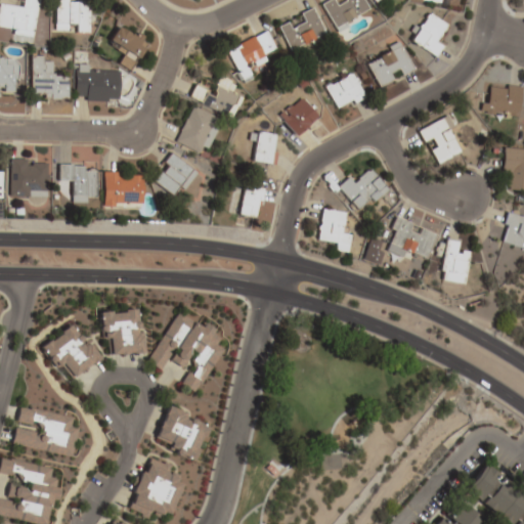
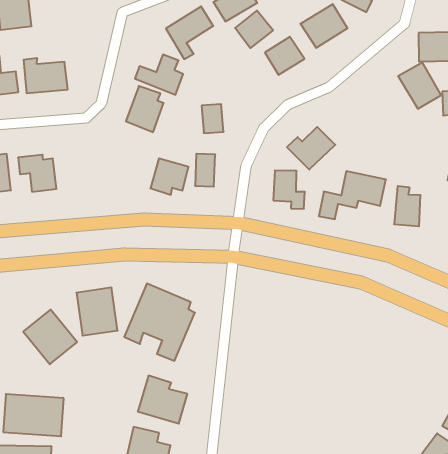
building: [111,23,149,69] -> none
building: [280,96,319,134] -> [235,11,273,48]
building: [421,117,463,164] -> [398,63,441,109]
building: [155,155,196,193] -> [150,159,189,195]
building: [104,172,145,205] -> none

